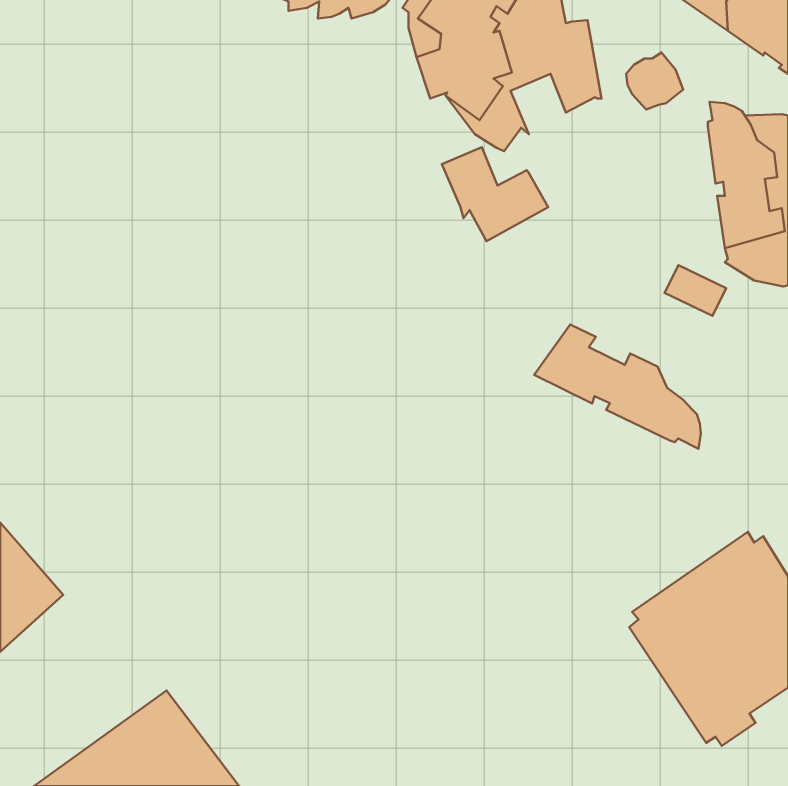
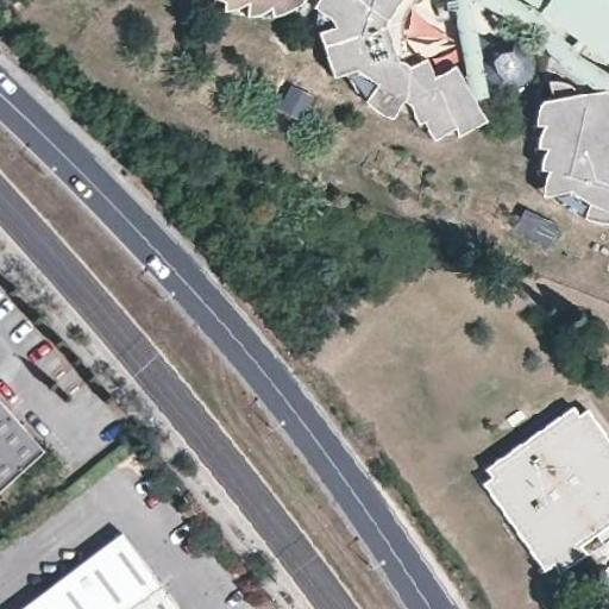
building: none -> [530,98,559,195]
building: [442,147,548,241] -> [394,57,476,130]
building: [534,324,701,449] -> none

